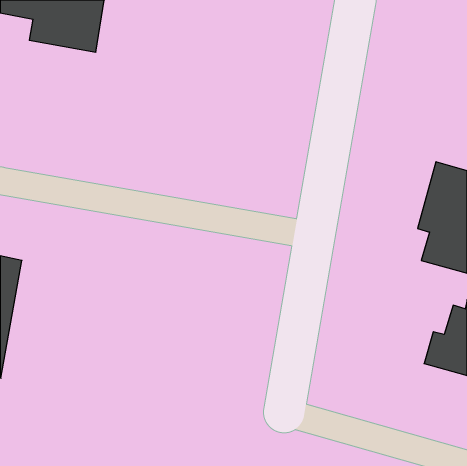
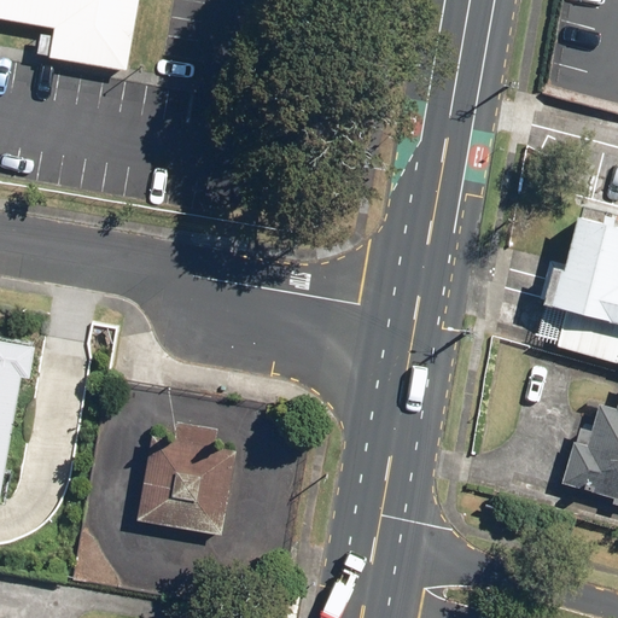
building: none -> [136,416,240,535]

